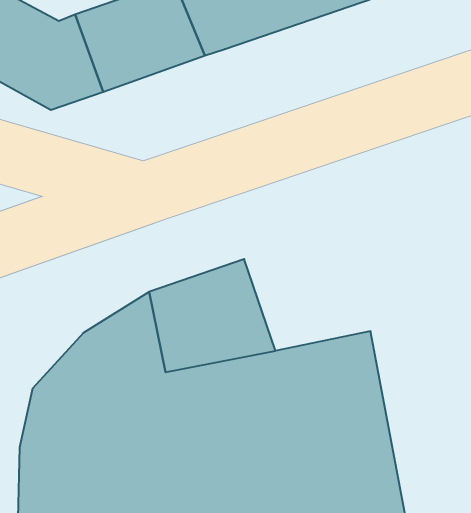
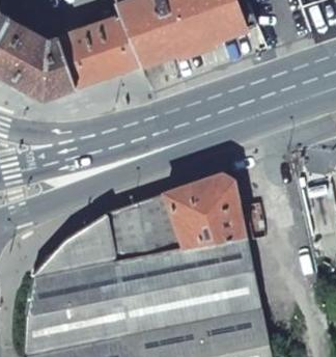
building: none -> [167,173,247,250]

